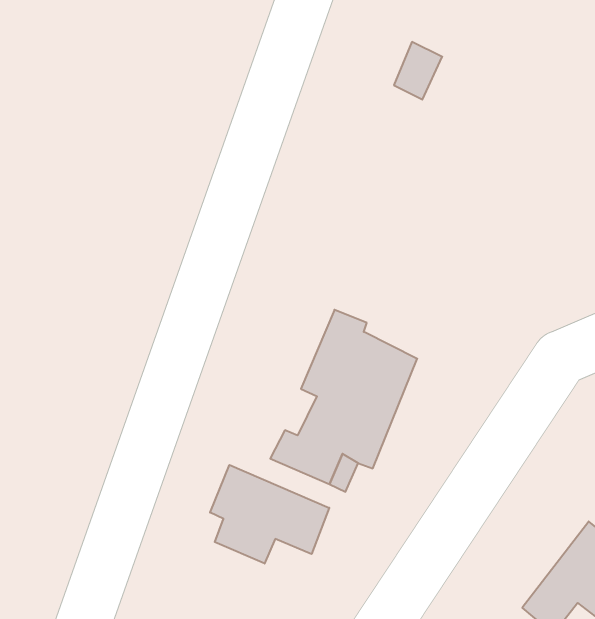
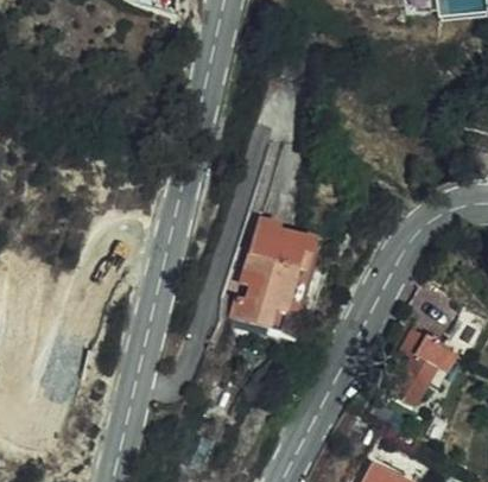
building: [210,465,329,564] -> none

